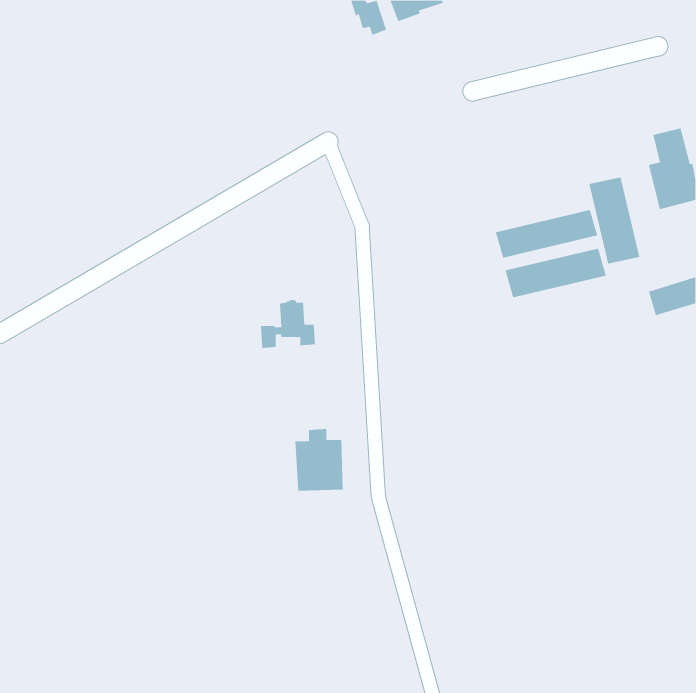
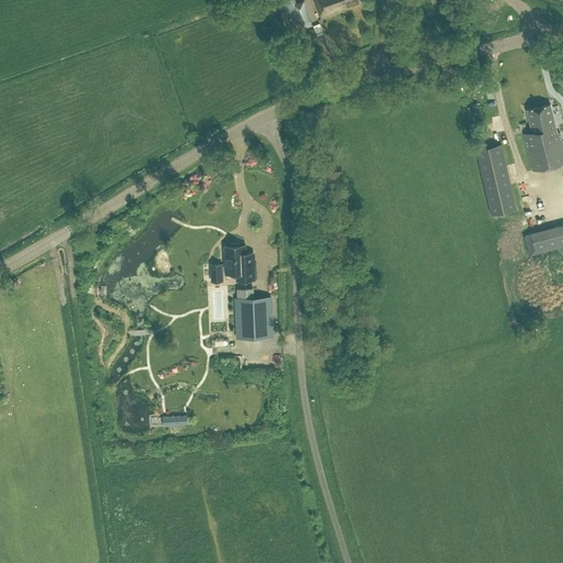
building: [495,209,598,258] -> none
building: [505,248,606,298] -> none
building: [295,429,344,491] -> [234,289,274,340]

